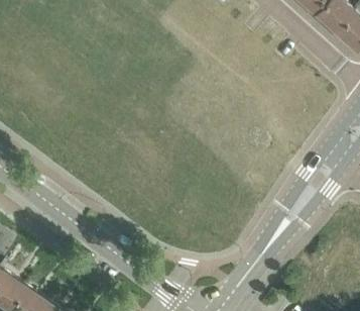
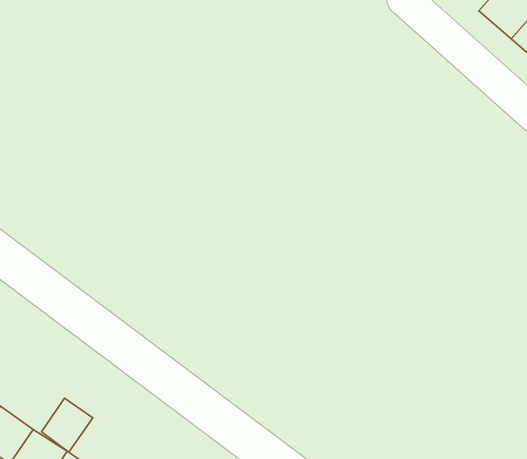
building: none -> [41,398,93,452]

